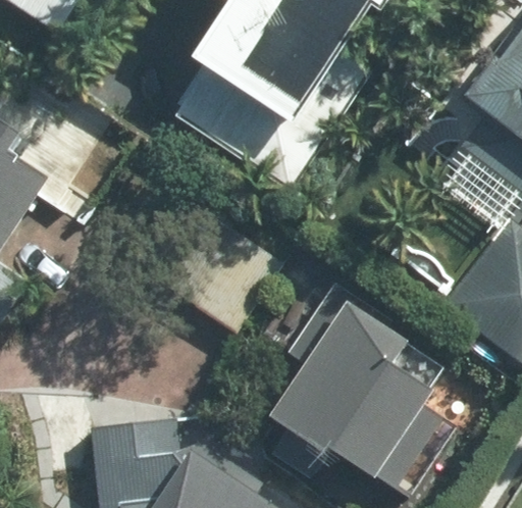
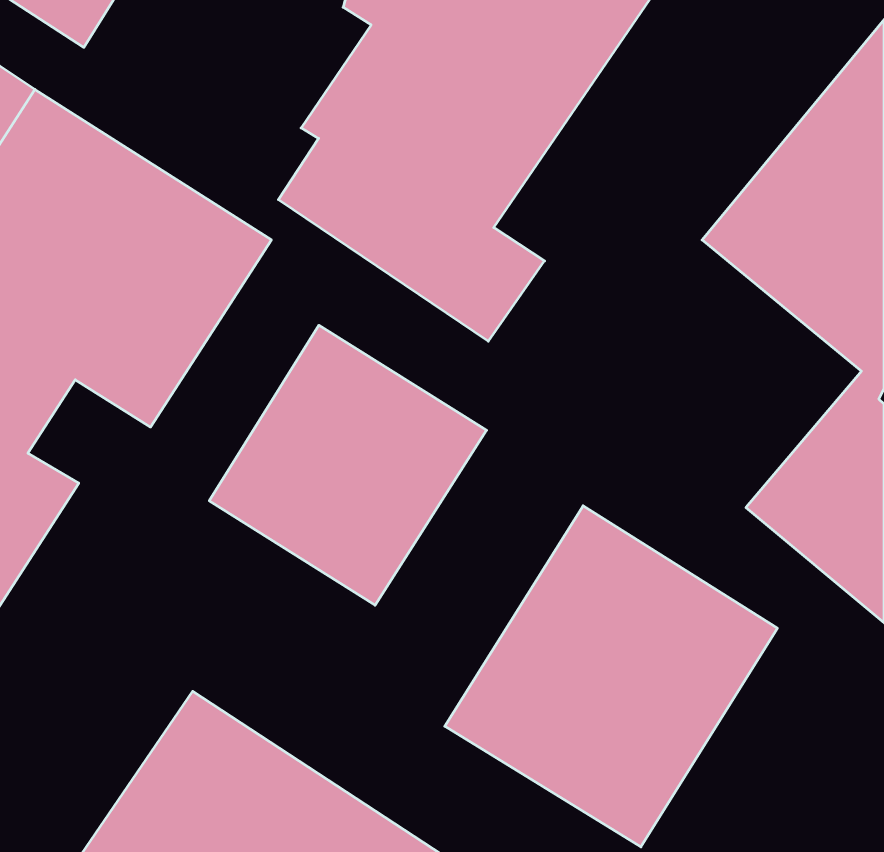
building: none -> [209,325,487,605]

